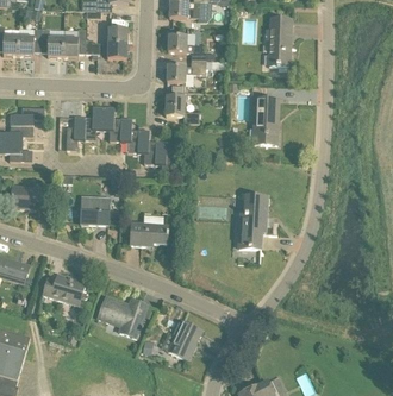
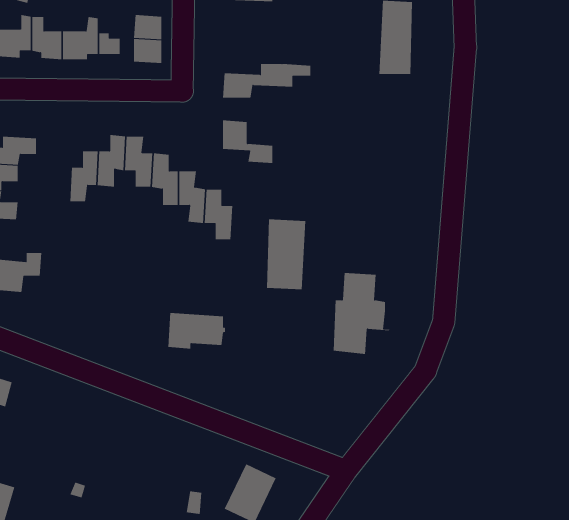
building: [167,36,206,59] -> none
building: [252,99,279,145] -> [266,219,306,290]
building: [80,195,110,225] -> none
building: [42,275,87,306] -> none
building: [96,296,148,338] -> none

